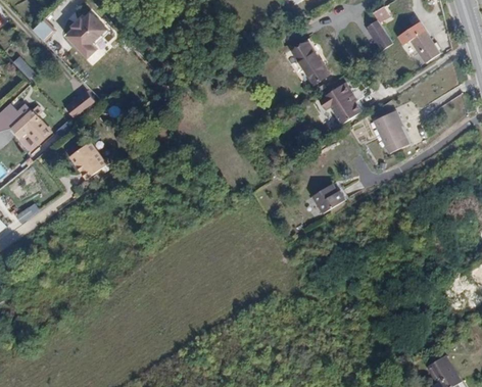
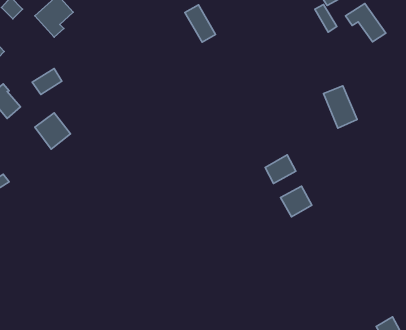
building: [289,44,322,84] -> [185,5,216,42]
building: [320,80,361,123] -> none
building: none -> [280,186,312,217]

